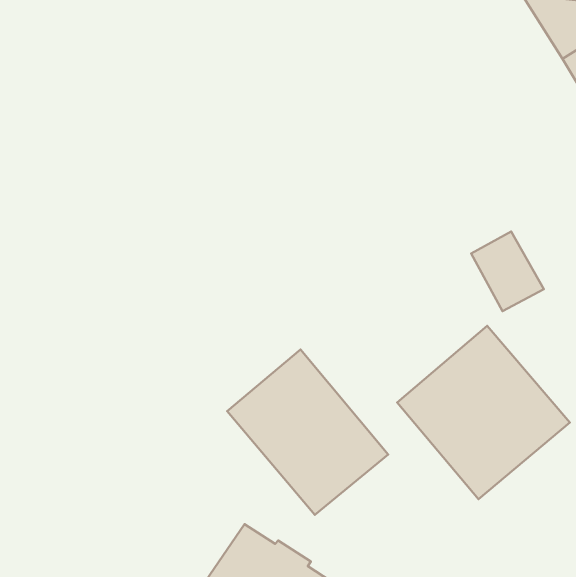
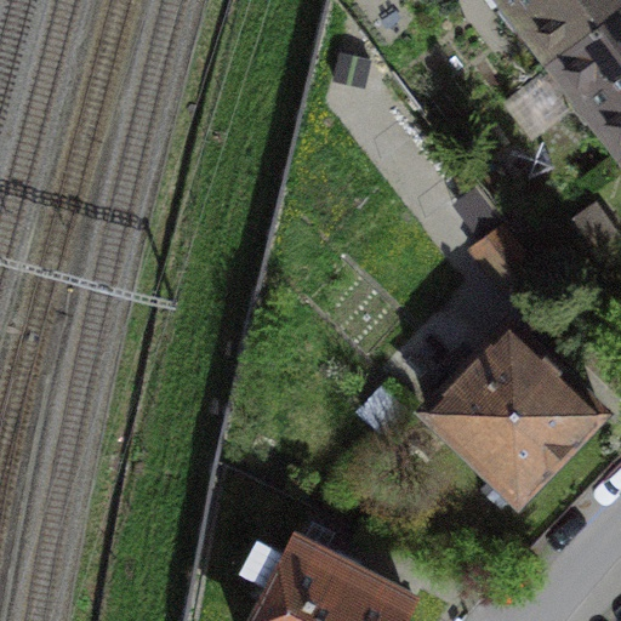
building: [227,350,388,515] -> none

